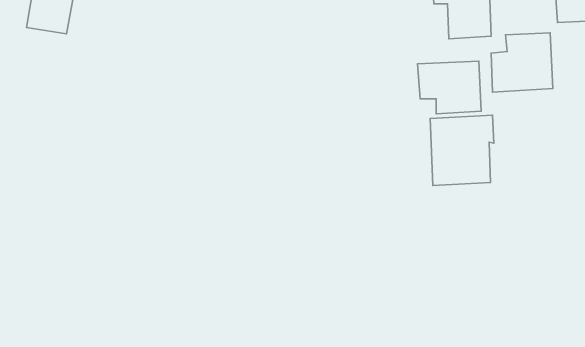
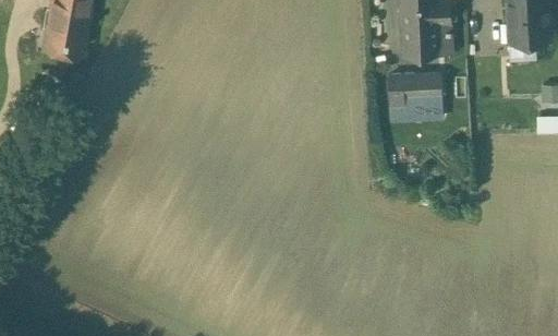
building: [491,33,553,92] -> none
building: [430,115,494,186] -> none

